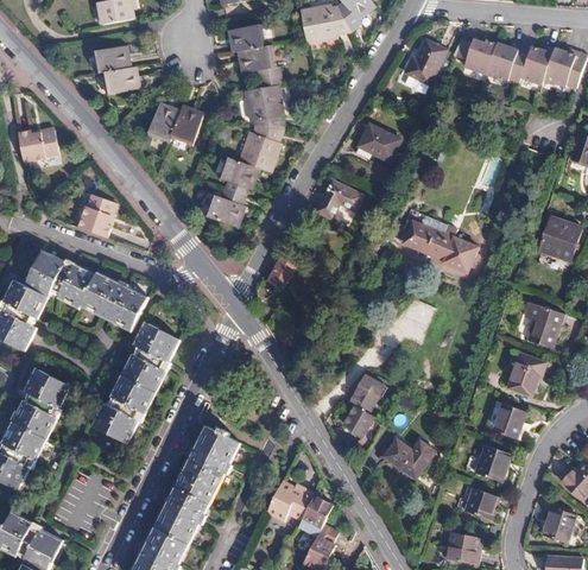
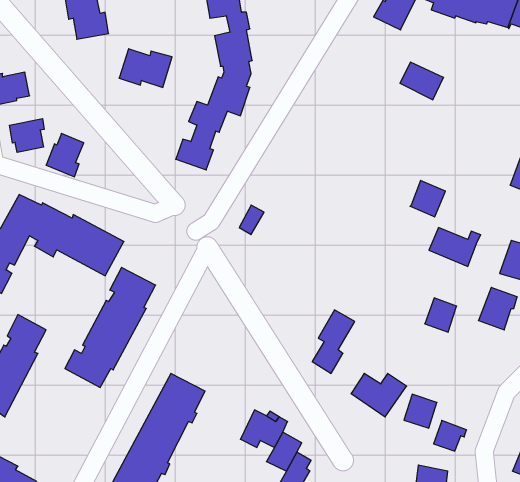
building: [358,126,402,164] -> [400,62,444,100]
building: none -> [9,119,44,152]
building: [317,183,363,221] -> none
building: [403,223,455,262] -> [429,228,481,266]
building: [494,397,526,431] -> [425,298,457,332]
building: [479,439,512,474] -> [404,394,437,428]

